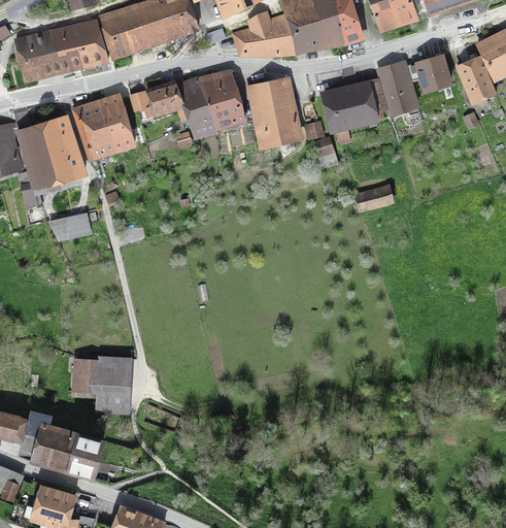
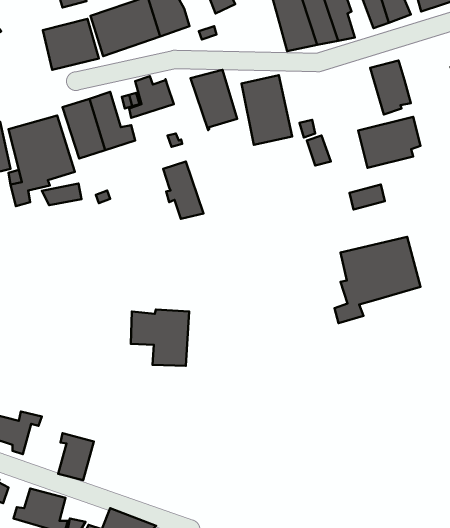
building: [234,13,295,55] -> none
building: [15,33,62,80] -> none
building: [406,54,450,92] -> none
building: [176,80,216,137] -> [163,161,204,219]
building: [324,80,385,131] -> [358,117,421,168]
building: [50,218,90,239] -> [42,183,82,205]
building: none -> [335,237,420,323]
building: [74,357,132,412] -> [131,310,189,366]
building: [31,423,76,472] -> none

